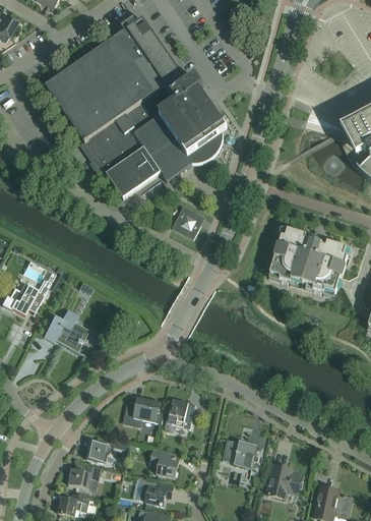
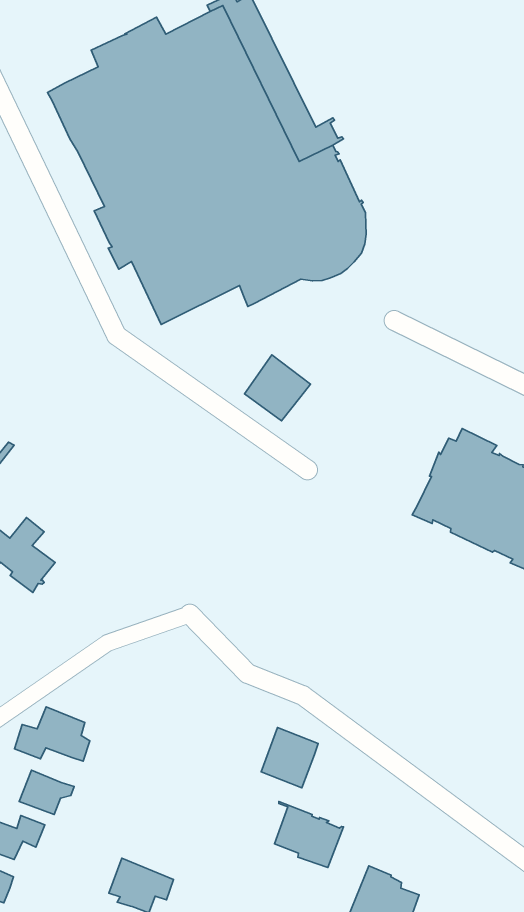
building: [125,397,164,424] -> [14,707,90,761]
building: [168,398,195,427] -> [261,728,318,788]
building: [150,449,178,477] -> none

